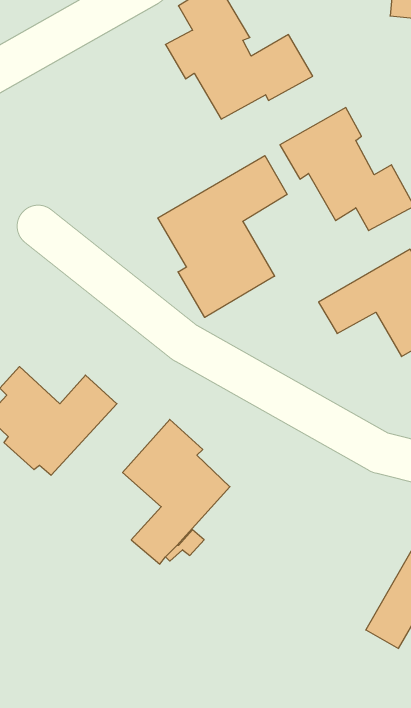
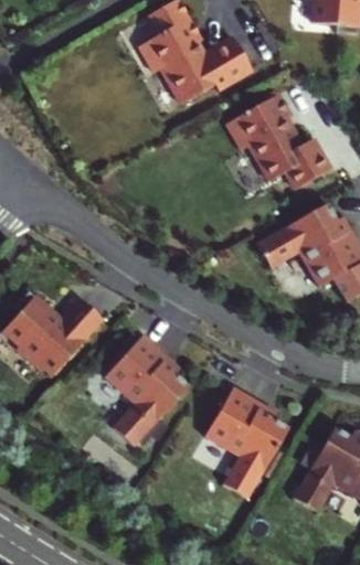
building: [158,156,287,317] -> none
building: none -> [207,385,290,495]

